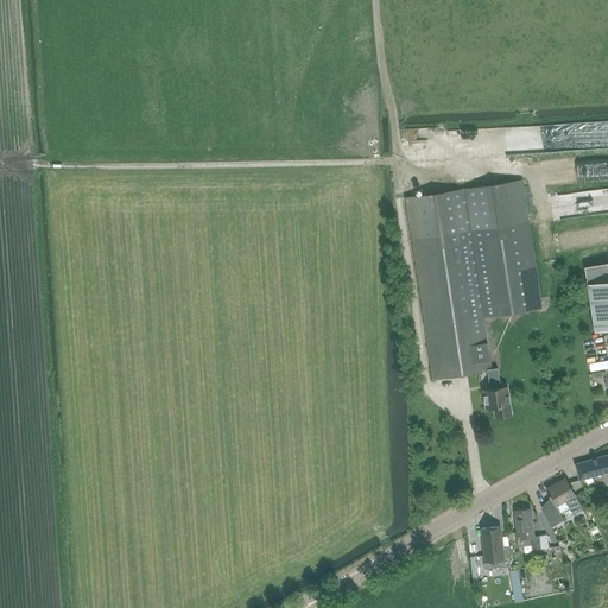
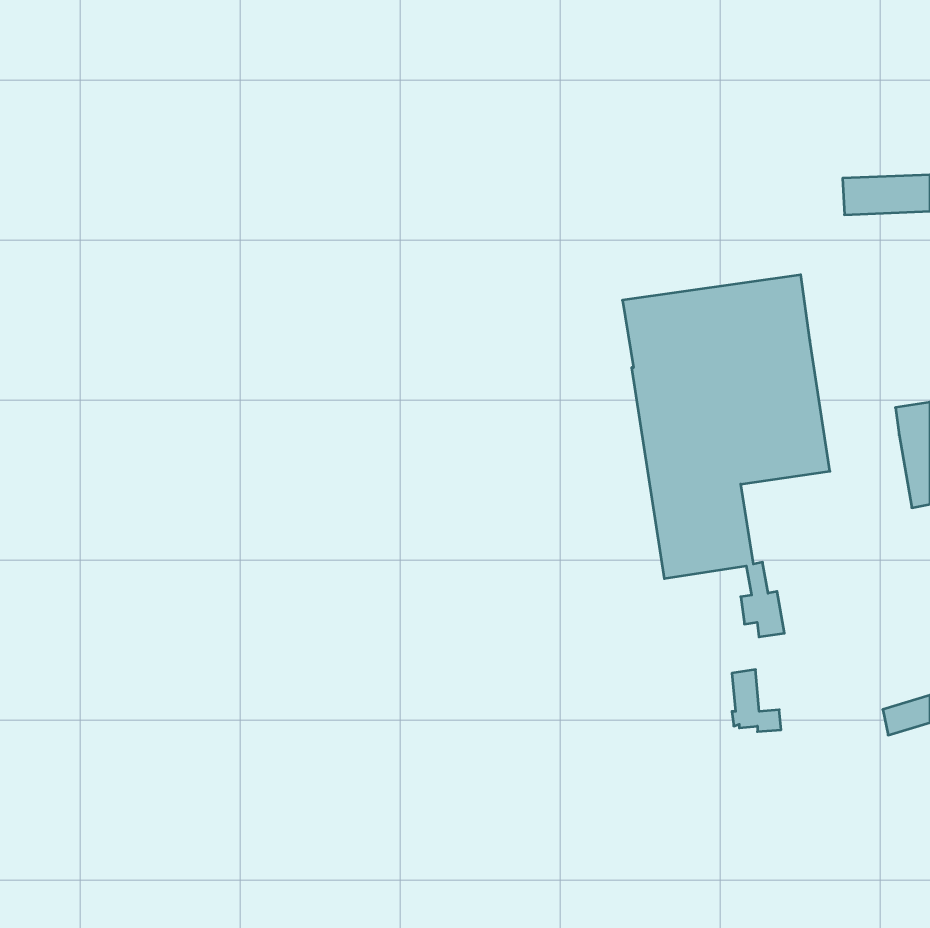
building: [543,479,583,527] -> none
building: [515,509,547,550] -> [732,670,781,732]
building: [484,527,511,568] -> none

